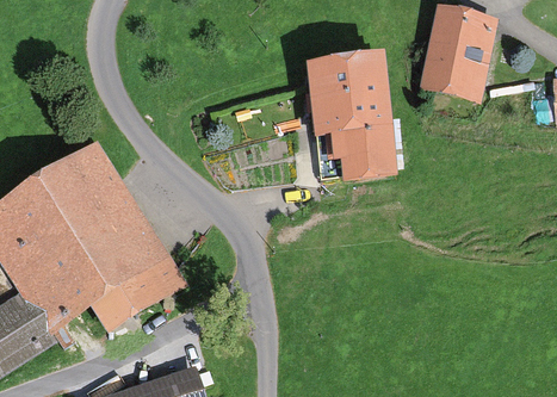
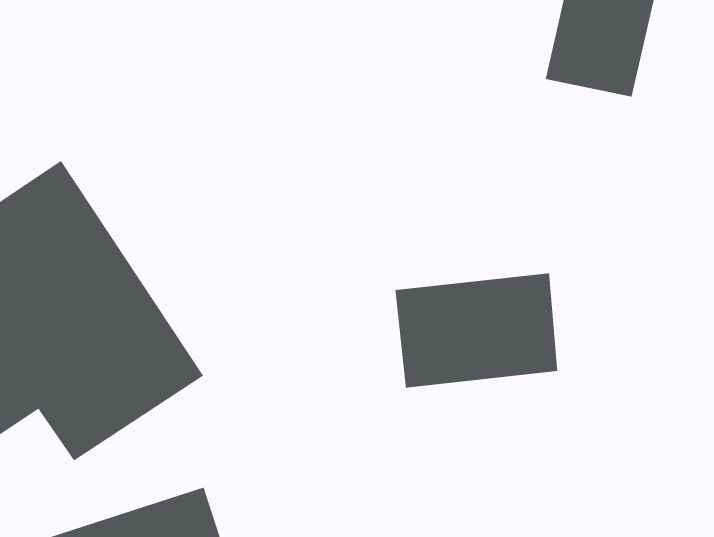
building: [302,52,392,179] -> none
building: none -> [395,273,558,388]

